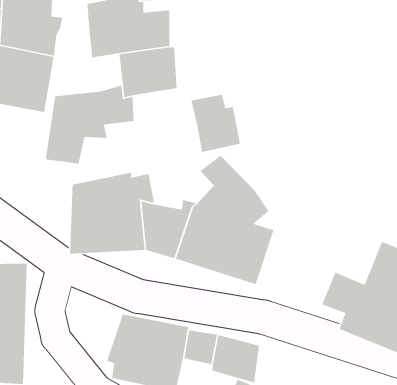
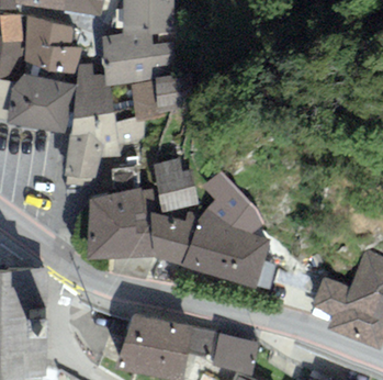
building: none -> [72,62,113,119]
building: [191,94,241,153] -> [151,158,196,211]

